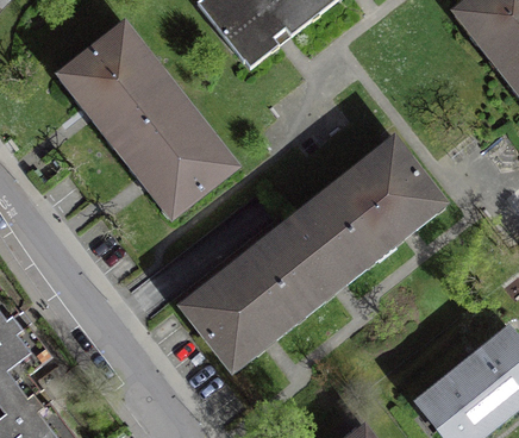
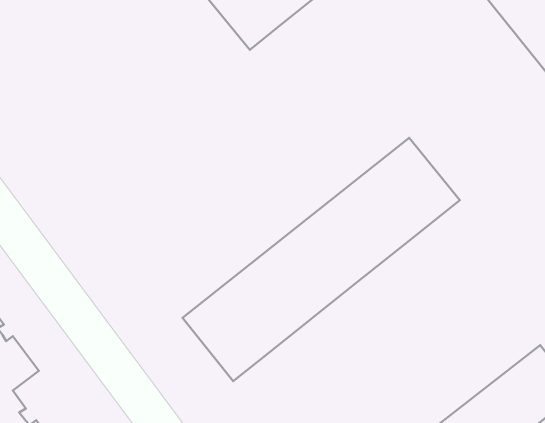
building: [64,29,235,213] -> none

